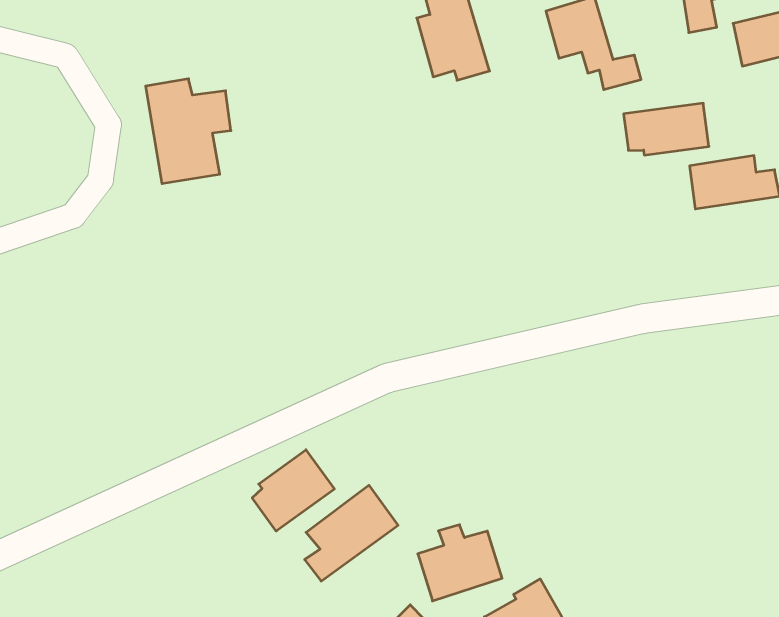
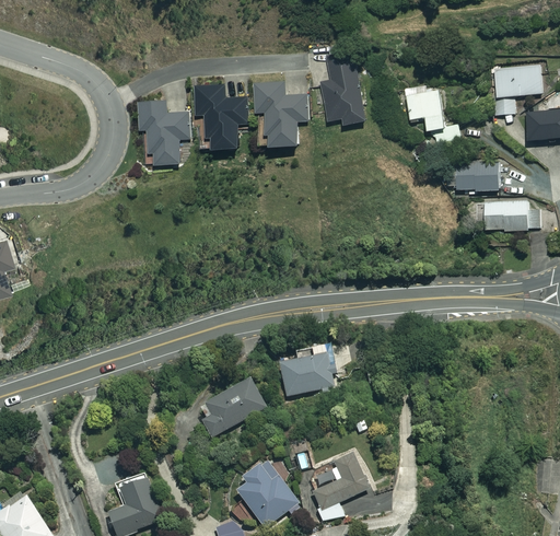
building: none -> [255,82,308,147]
building: none -> [197,84,247,150]
building: [252,450,334,531] -> none
building: [418,525,502,601] -> [280,349,332,396]

